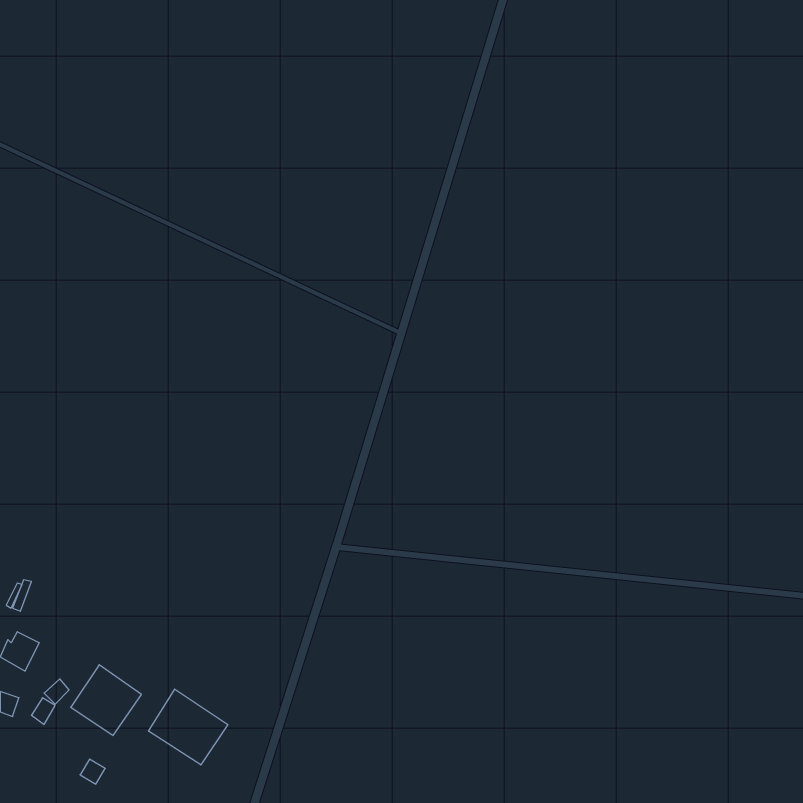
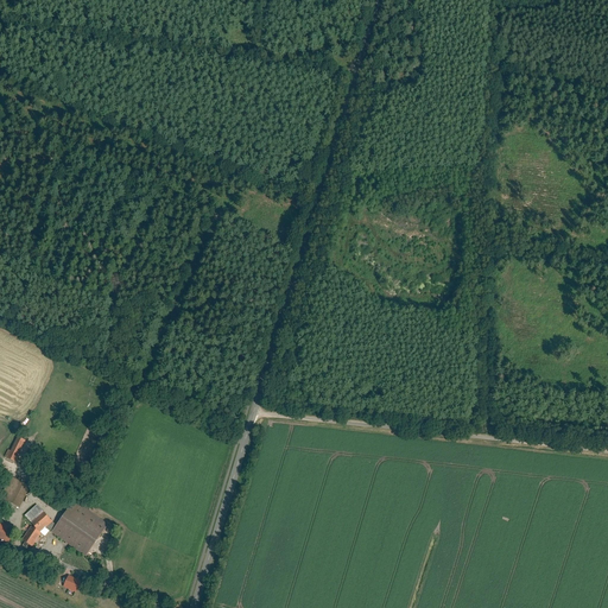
building: [149,689,228,765] -> none

